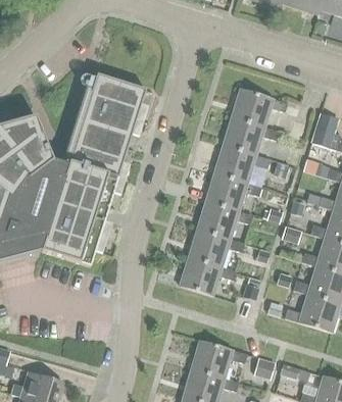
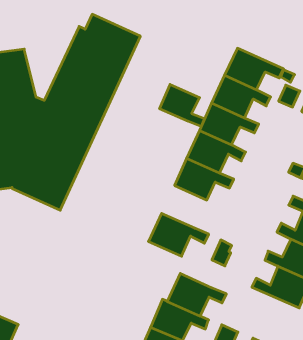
building: none -> [160,84,205,126]
building: [188,228,244,266] -> [167,273,226,316]

